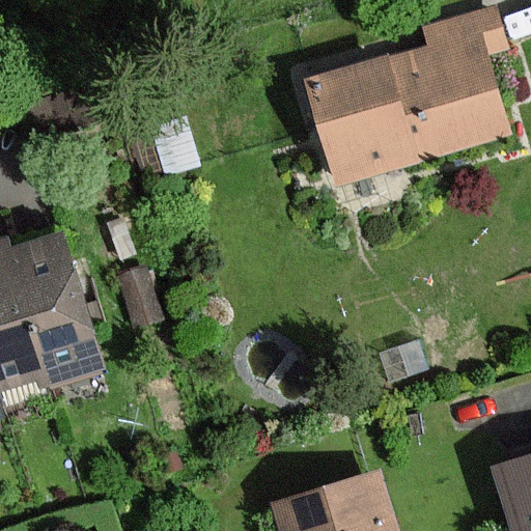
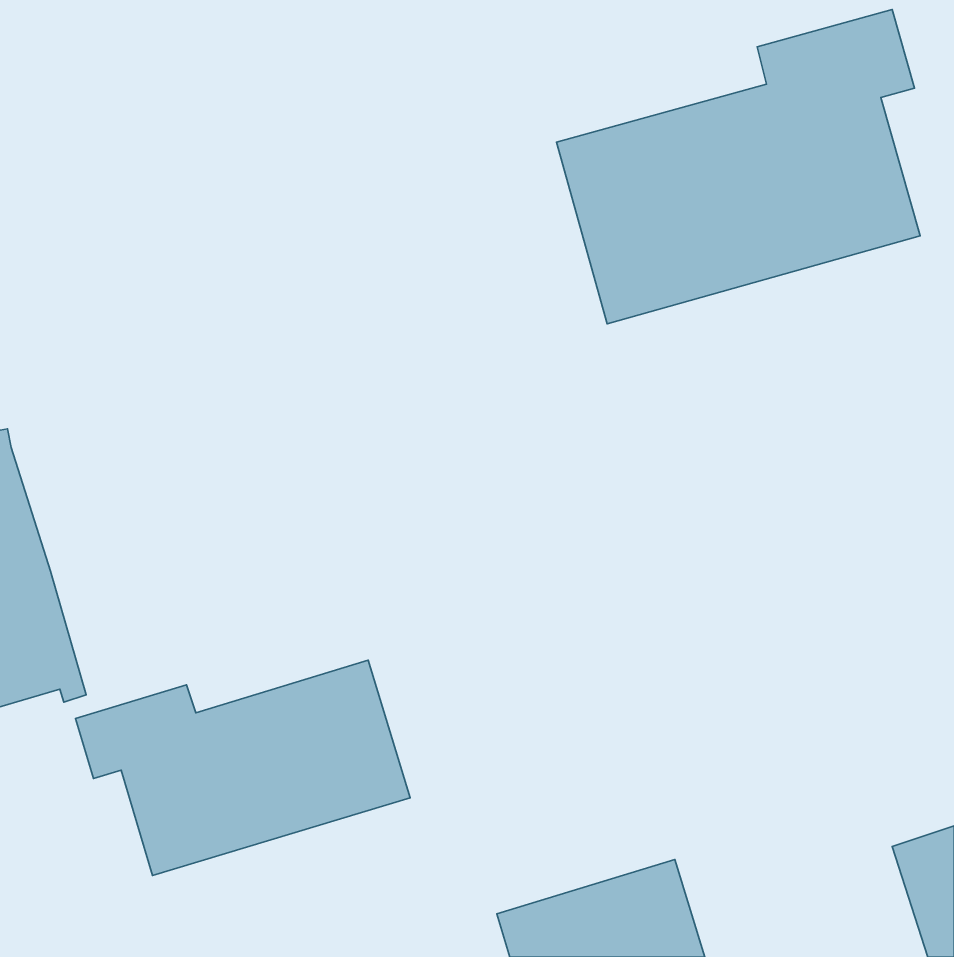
building: [6,231,103,385] -> none
building: none -> [76,660,410,875]

